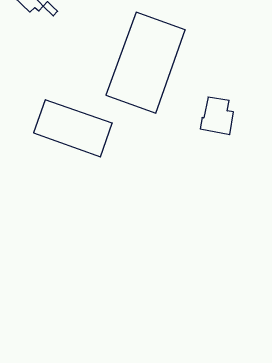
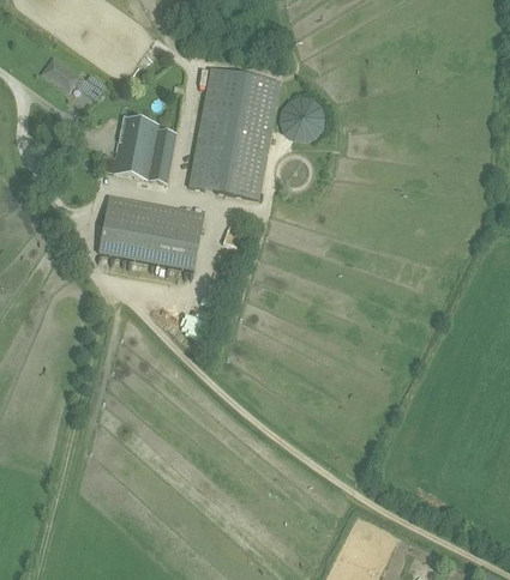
building: none -> [101,115,175,181]
building: [200,97,233,135] -> [284,90,325,135]

